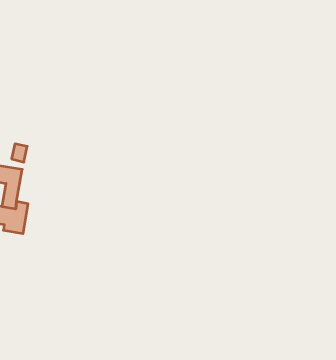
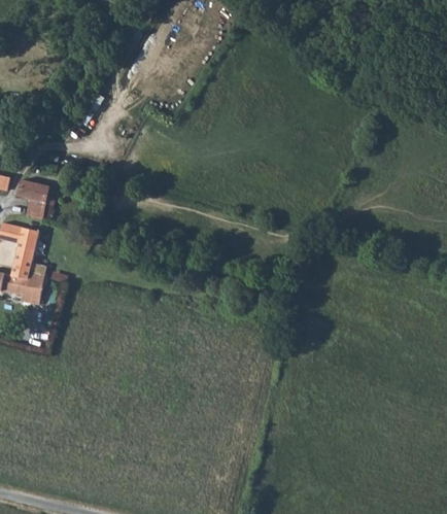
building: none -> [15,179,46,200]

